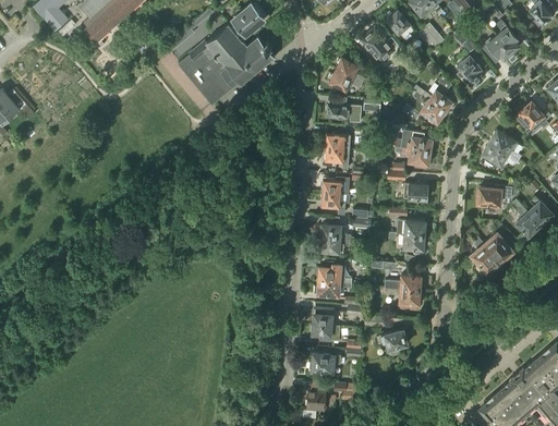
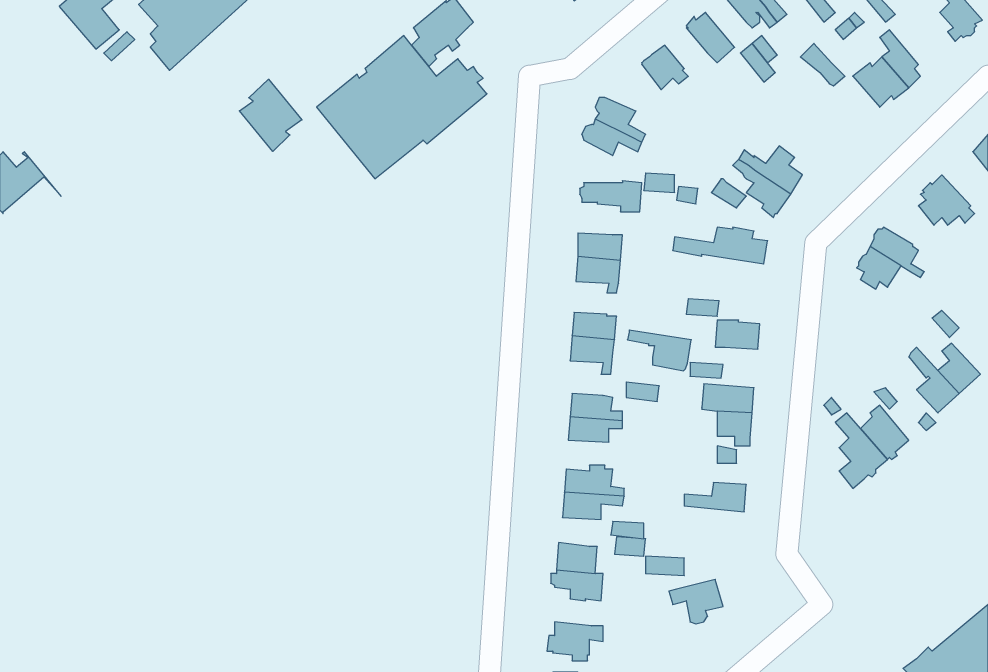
building: none -> [239,79,302,151]
building: [458,52,484,85] -> none
building: [395,146,430,169] -> [627,330,691,371]
building: [477,181,520,209] -> none
building: [385,288,420,308] -> none

